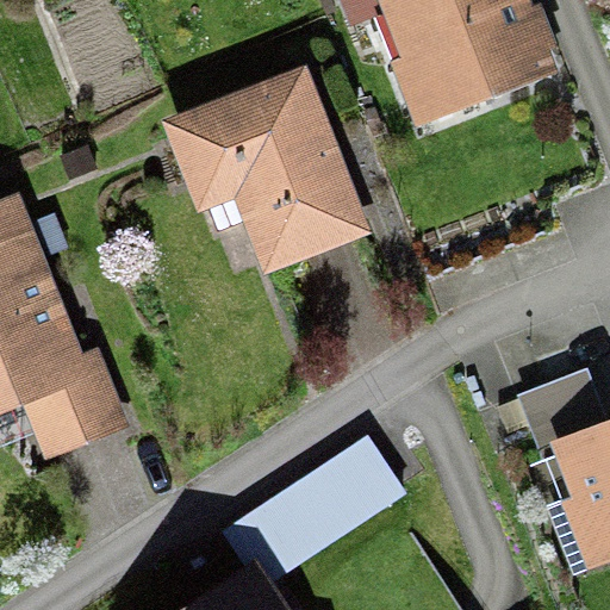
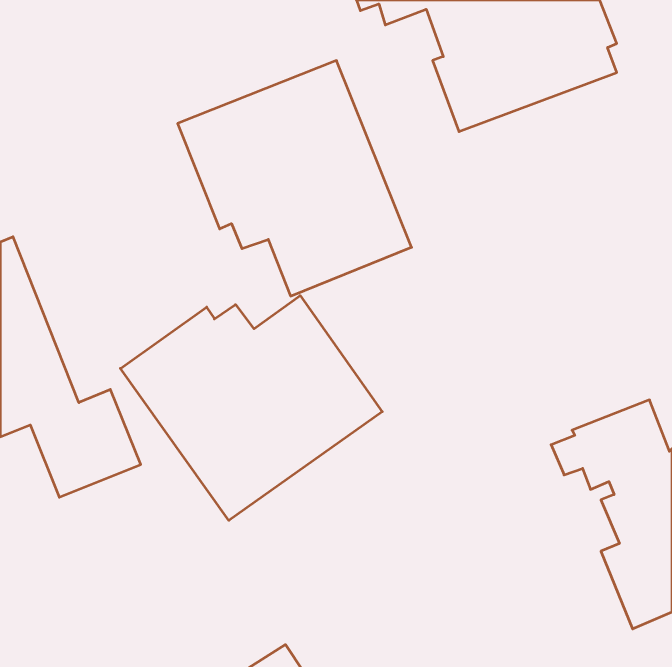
building: none -> [120,296,382,520]
building: [232,435,409,589] -> none

